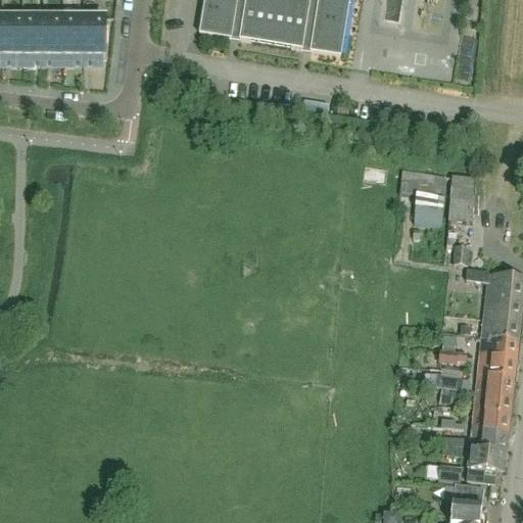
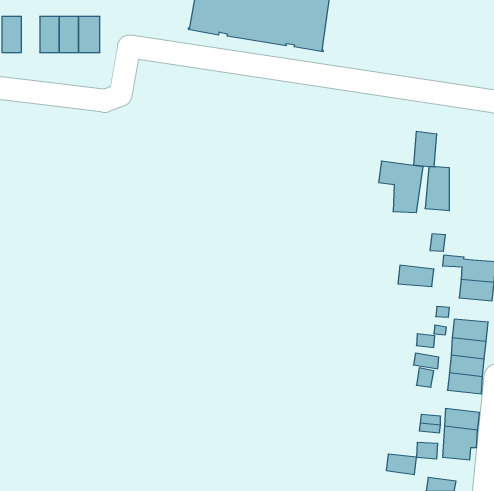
building: [25,17,44,55] -> none
building: none -> [414,131,437,167]
building: [480,317,518,339] -> [398,265,434,287]
building: [471,411,509,434] -> none
building: [453,485,484,507] -> [386,454,416,475]

